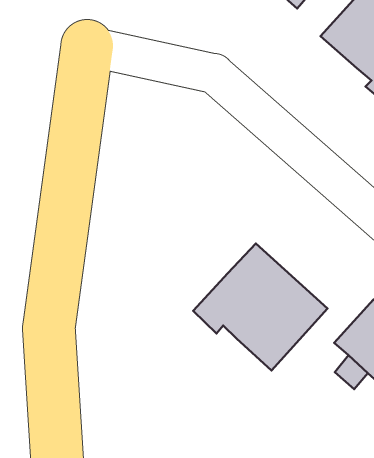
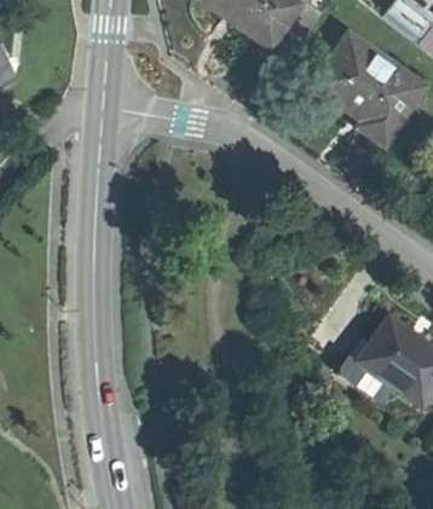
building: [193,244,327,370] -> none

